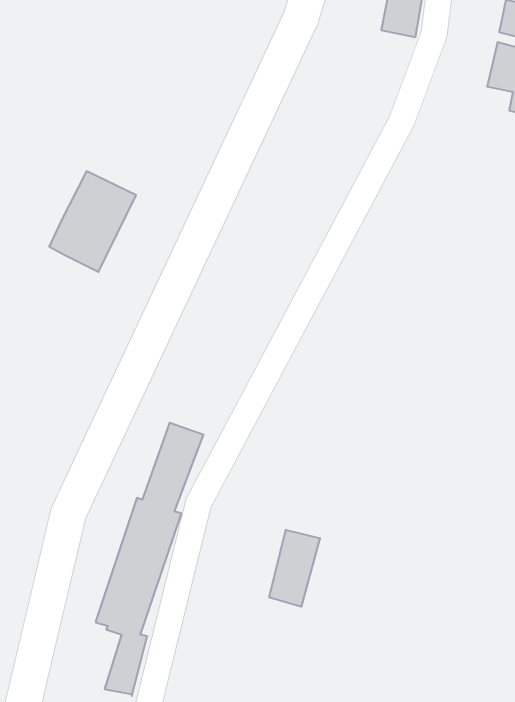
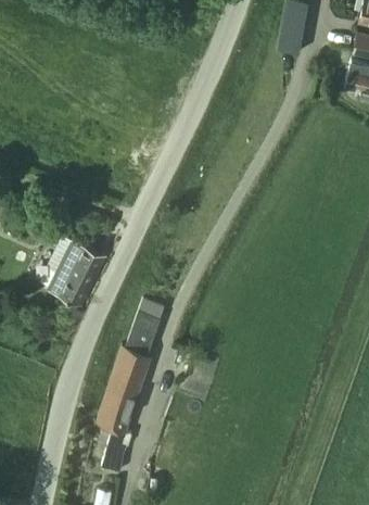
building: [49,171,136,272] -> [50,242,105,306]
building: [269,530,320,607] -> none

